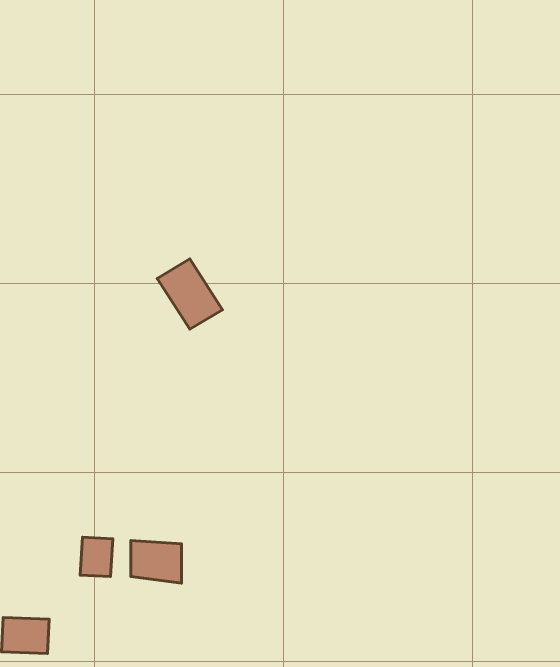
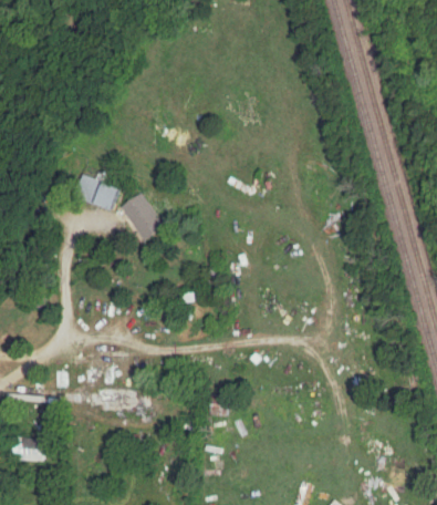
building: none -> [75,173,122,209]
building: [80,537,113,577] -> none

